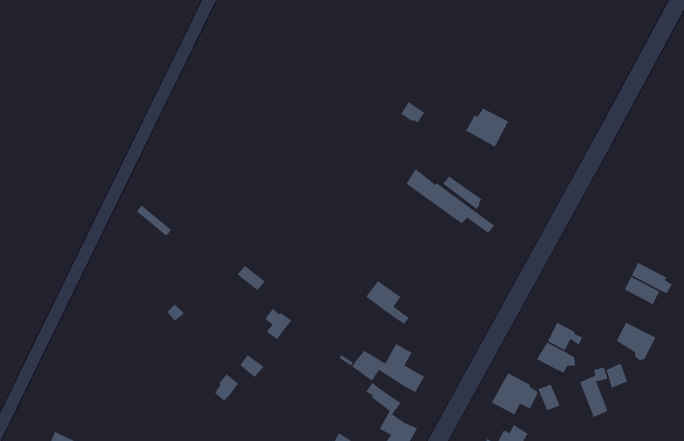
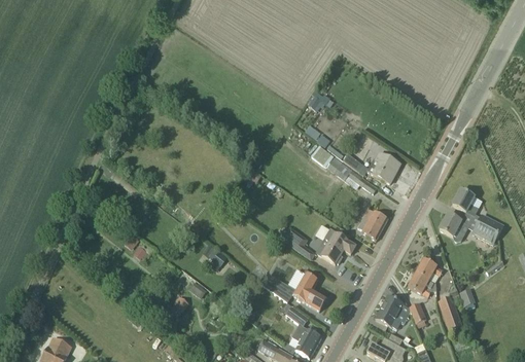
building: [465,107,509,148] -> [365,152,398,182]
building: none -> [451,188,482,215]
building: none -> [356,207,387,239]
building: none -> [316,228,354,263]
building: [616,322,656,361] -> [439,213,468,242]

